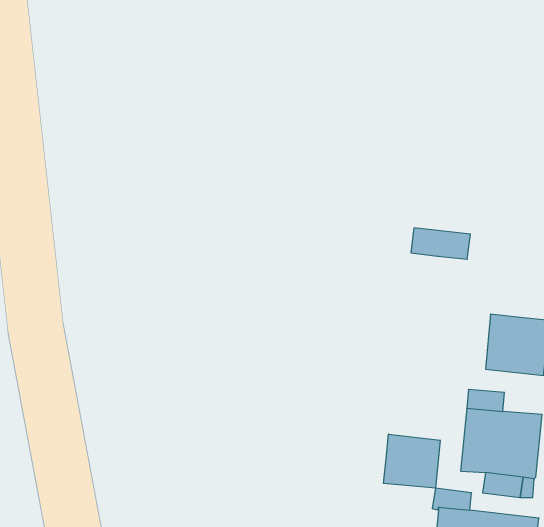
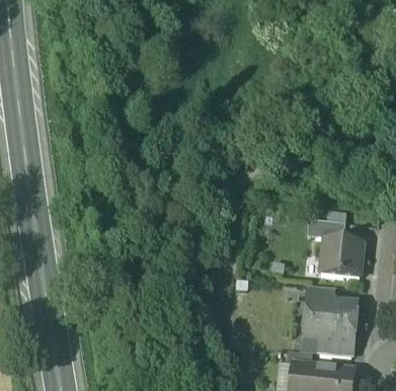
building: [411,228,470,259] -> [307,219,345,239]
building: [384,434,440,488] -> none

